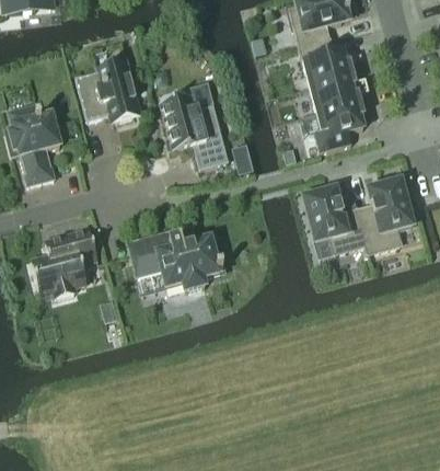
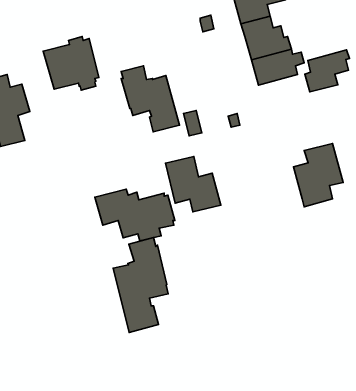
building: [313,102,363,149] -> [305,50,350,92]
building: [303,187,366,250] -> [165,157,221,212]
building: [31,228,96,296] -> none
building: none -> [113,238,168,332]

